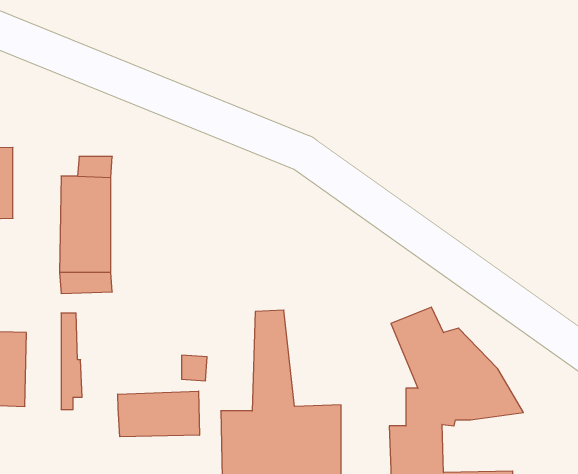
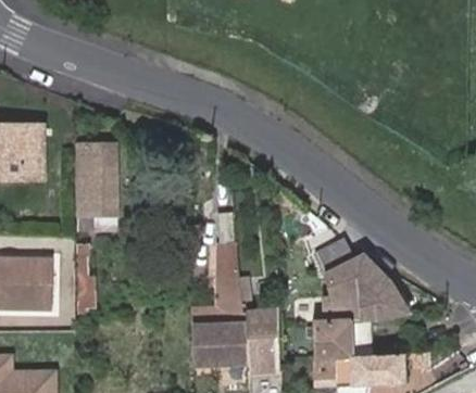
building: [118,391,199,437] -> none

